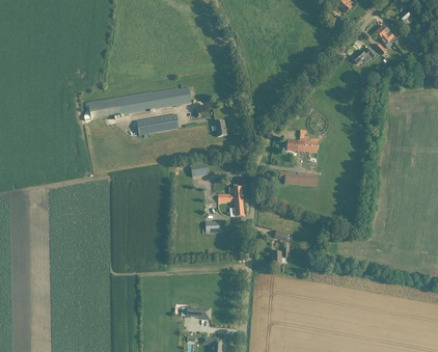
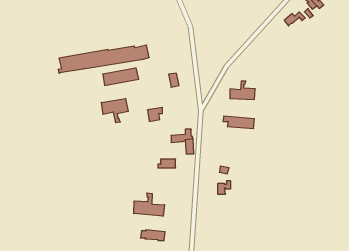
building: none -> [101,98,128,123]
building: none -> [134,193,165,216]

